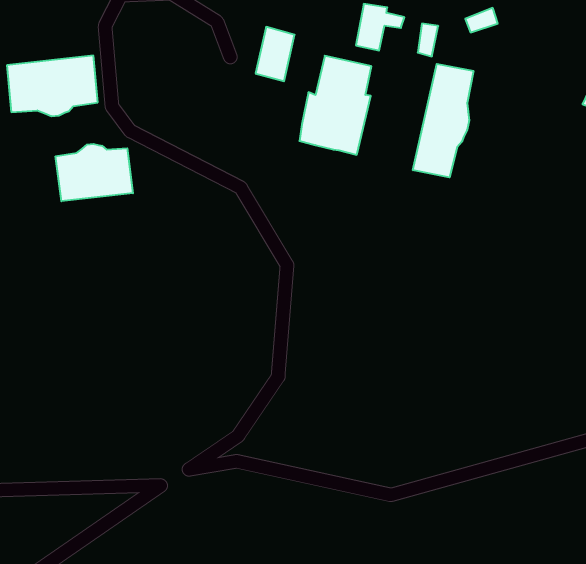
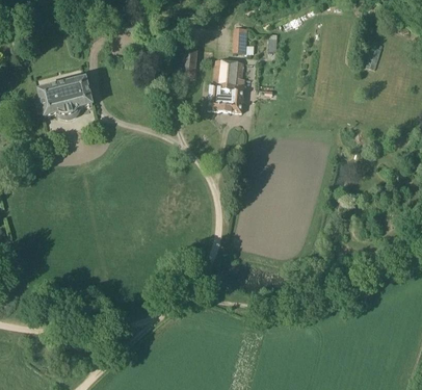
building: [413,64,473,177] -> none
building: [56,144,133,201] -> none

